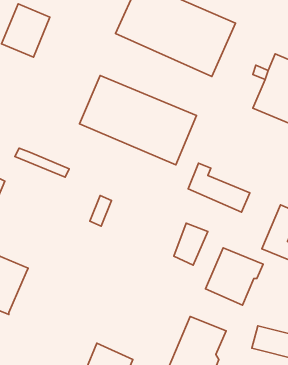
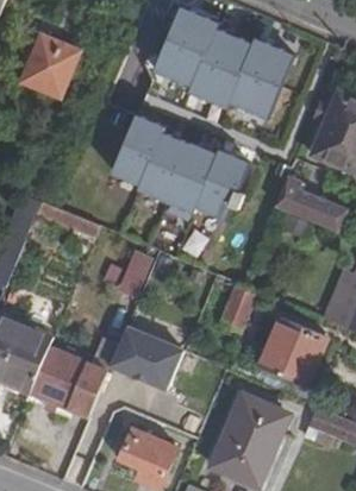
building: [188,163,250,212] -> [275,176,346,233]
building: none -> [111,326,185,389]
building: none -> [29,346,88,409]

